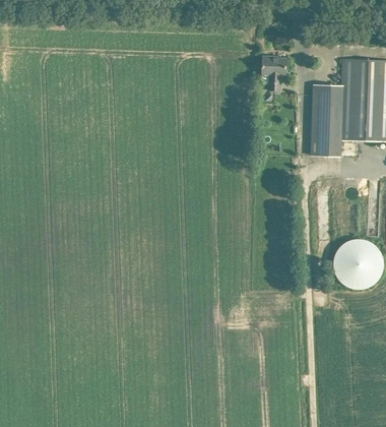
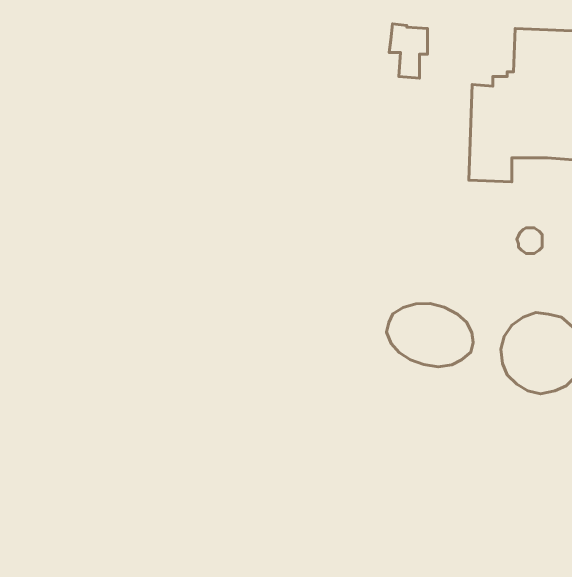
building: none -> [386,304,473,367]

